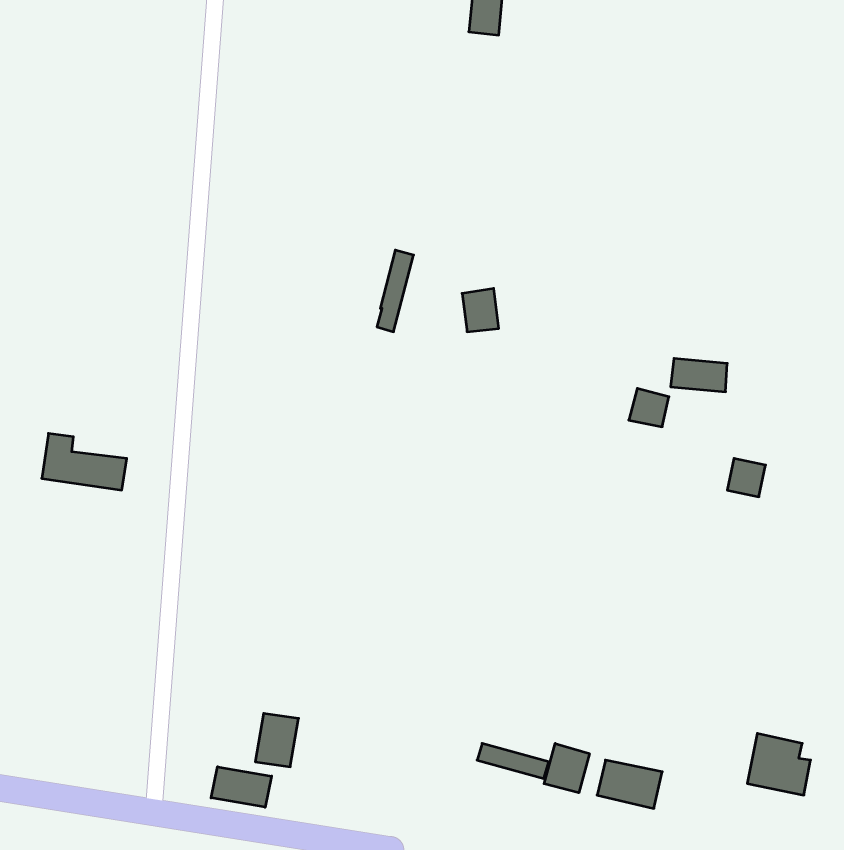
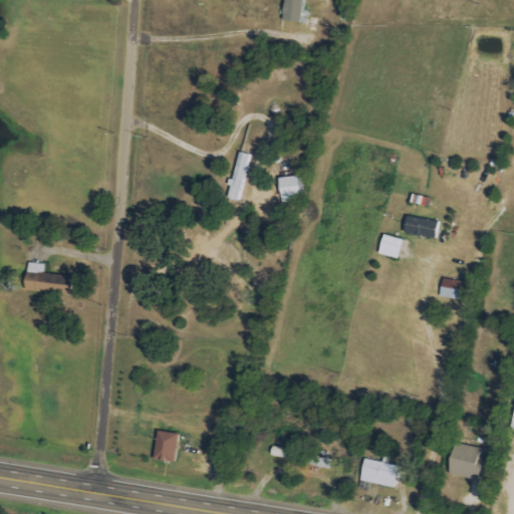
building: [544,743,589,793] -> none
building: [211,767,272,807] -> none

